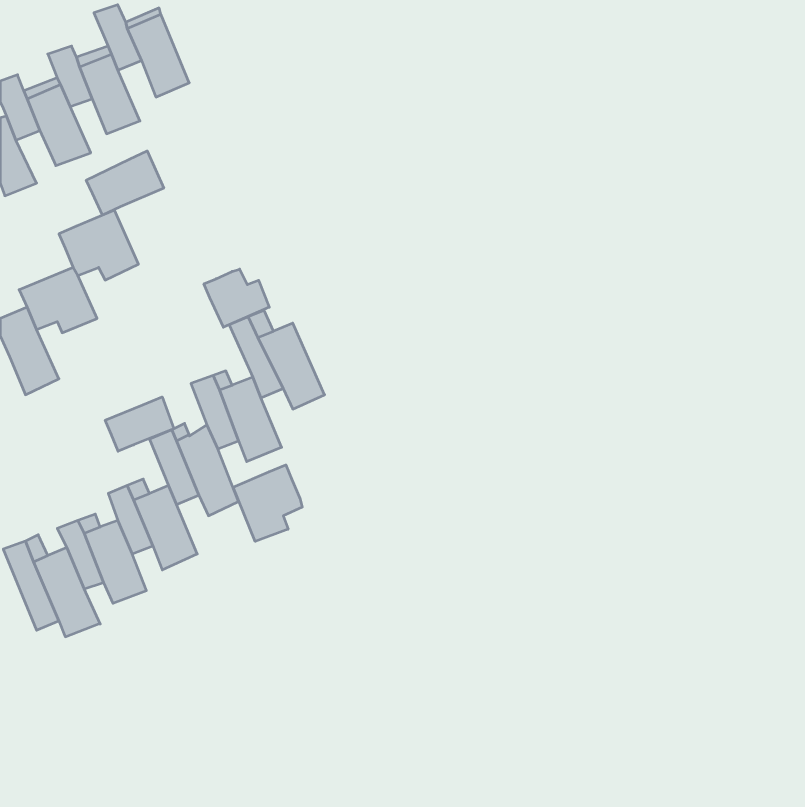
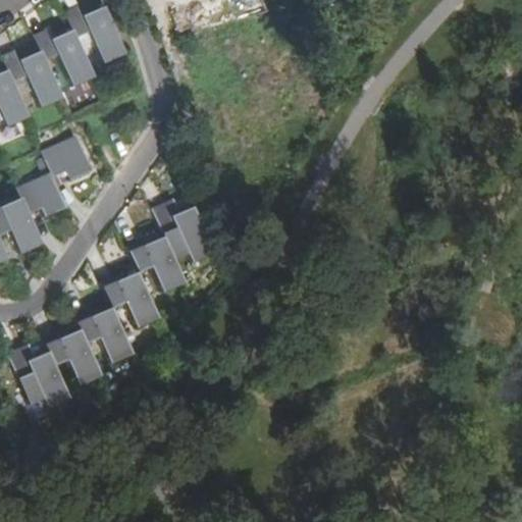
building: [86,151,164,215] -> none
building: [204,269,269,327] -> none
building: [105,397,174,451] -> none
building: [233,465,302,541] -> none

